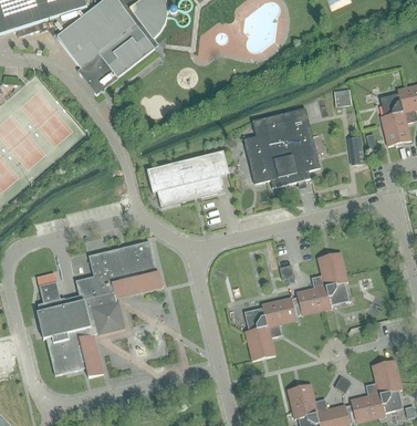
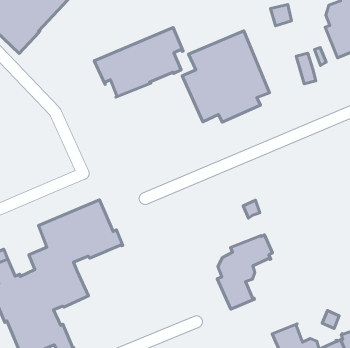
building: [146,152,229,207] -> [94,28,183,97]
building: [294,252,347,315] -> none

